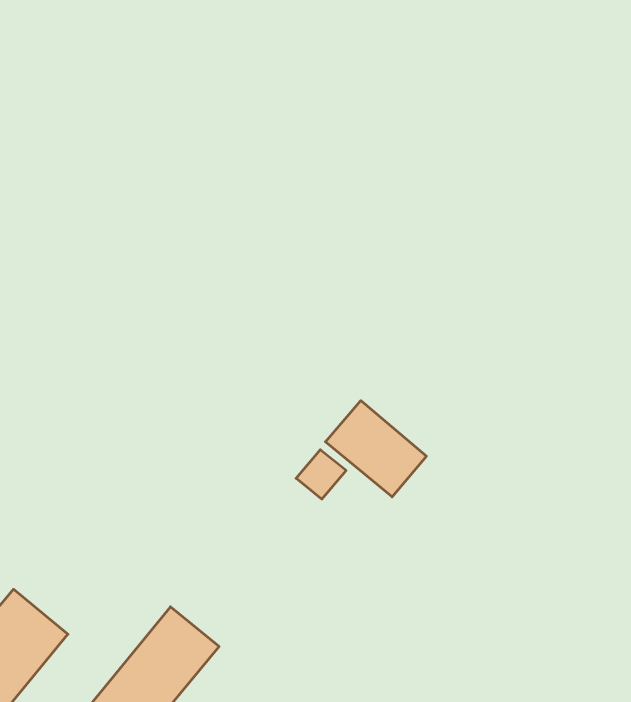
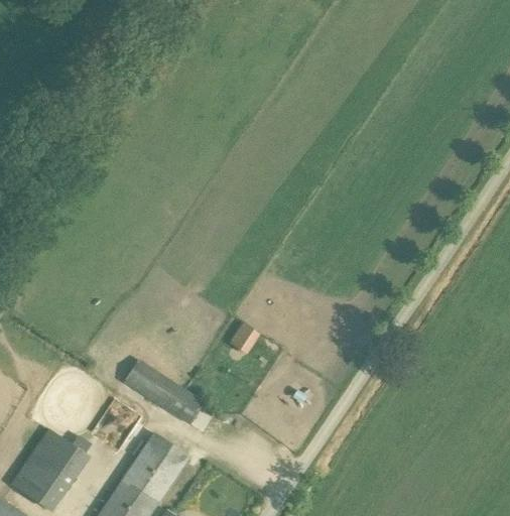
building: [325,401,426,497] -> none
building: none -> [124,362,203,424]

